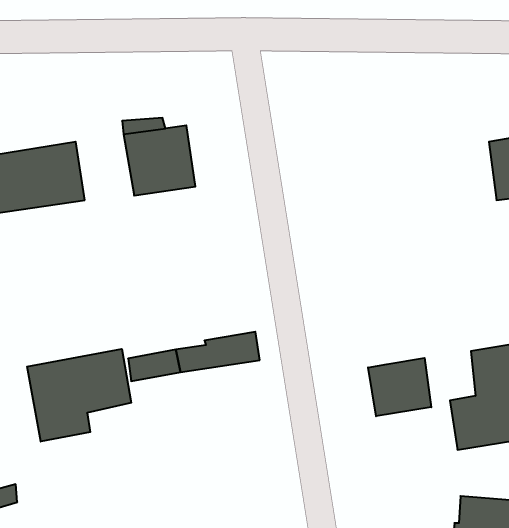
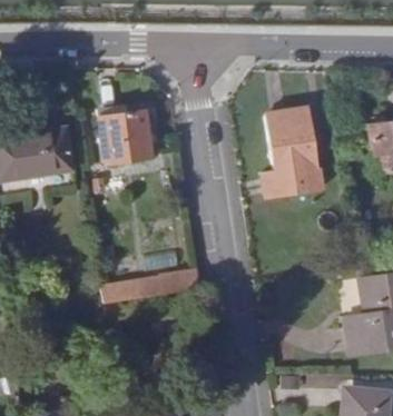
building: none -> [264,112,323,198]
building: [27,349,131,442] -> none
building: [368,358,431,416] -> none

